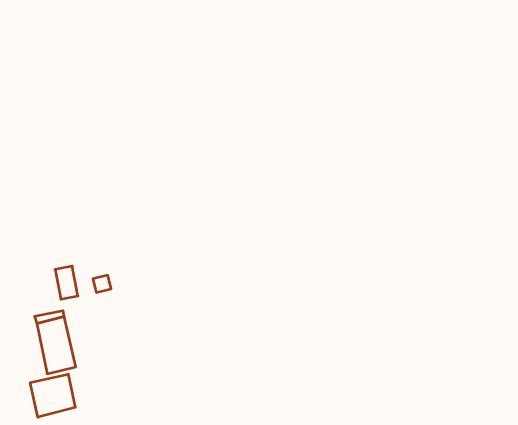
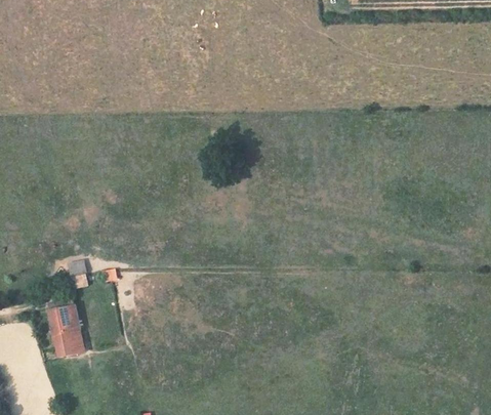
building: [30,374,75,417] -> none

